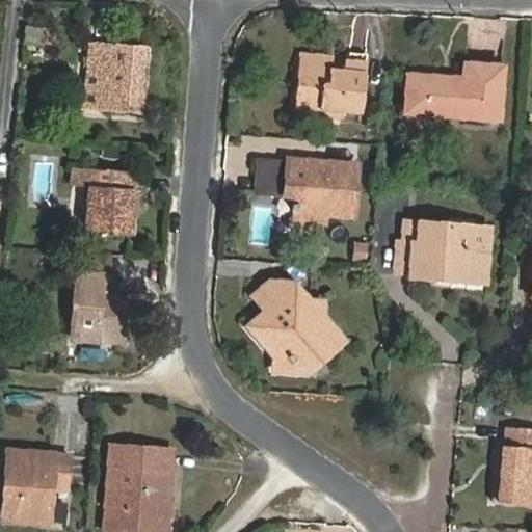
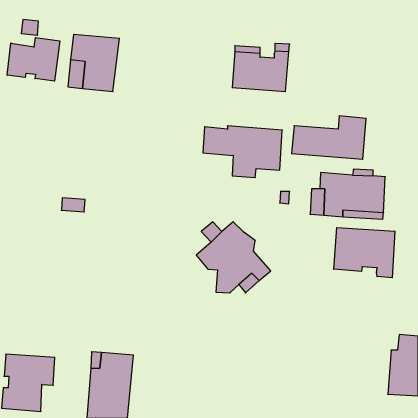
building: none -> [7,38,60,81]
building: [407,60,502,115] -> [292,116,366,159]
building: [70,166,139,234] -> none
building: [71,272,127,342] -> none
building: none -> [334,228,395,278]

